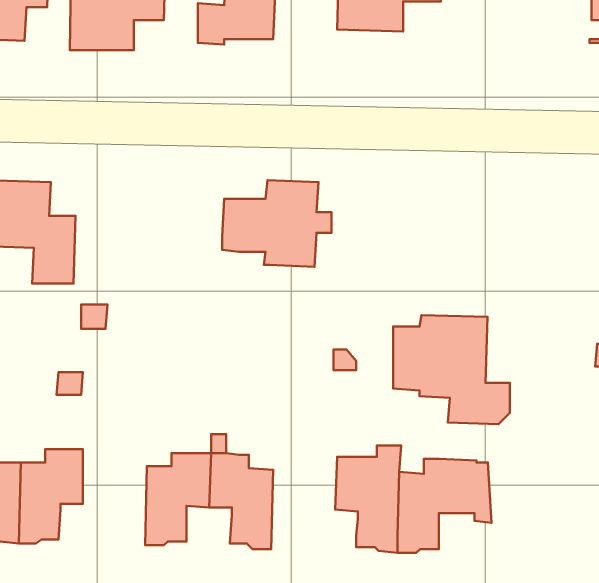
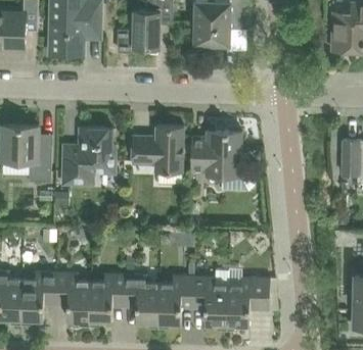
building: none -> [61,128,115,185]
building: [393,315,510,424] -> [190,131,254,190]
building: none -> [55,271,90,323]
building: none -> [157,274,193,326]

